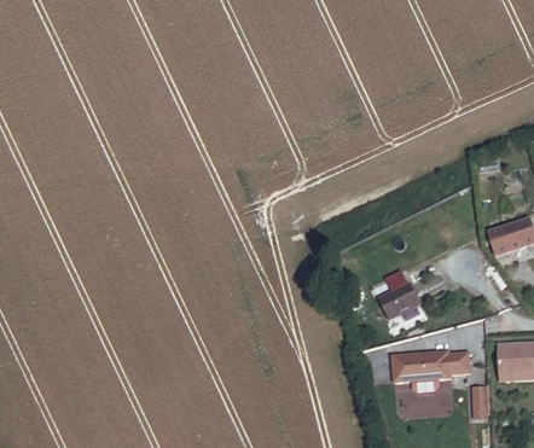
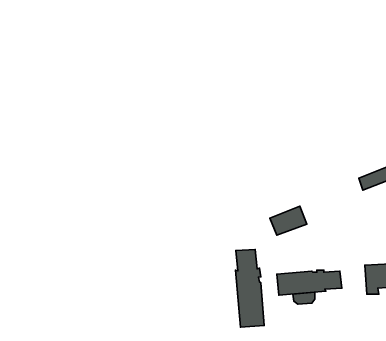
building: none -> [236,249,264,327]
building: [471,386,488,419] -> none

